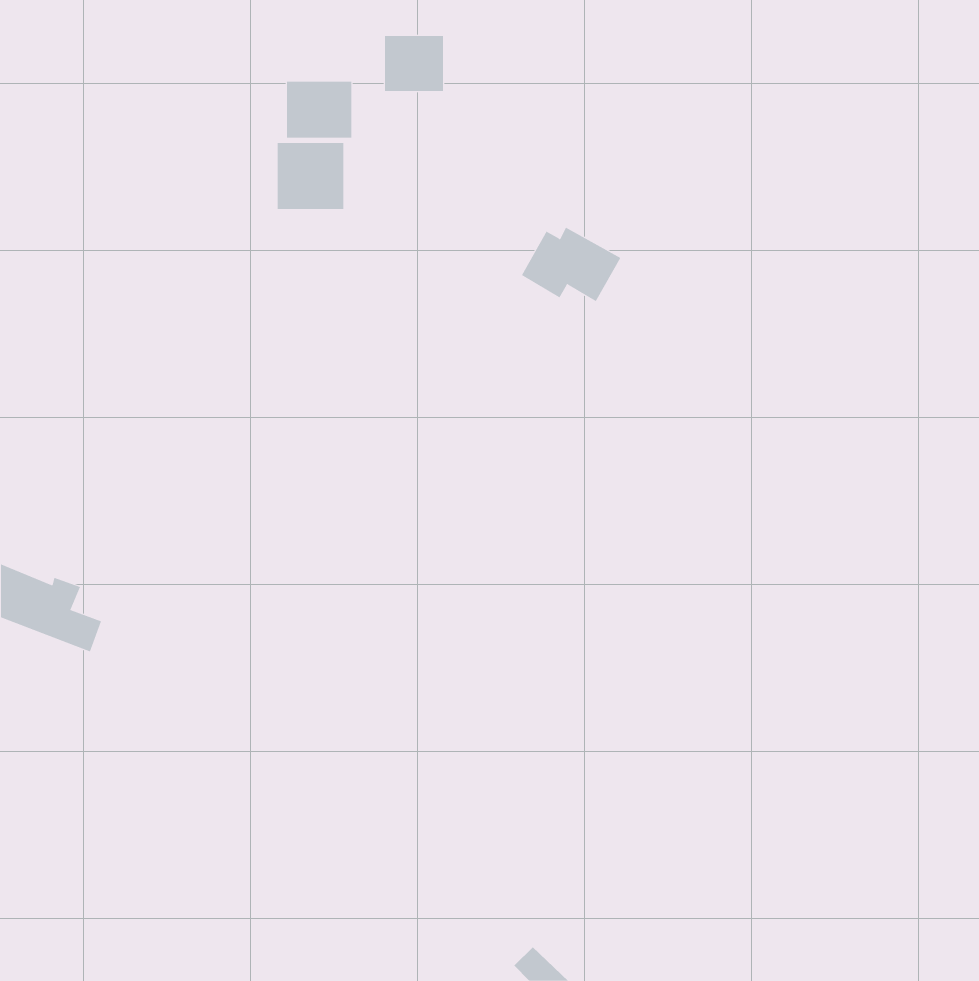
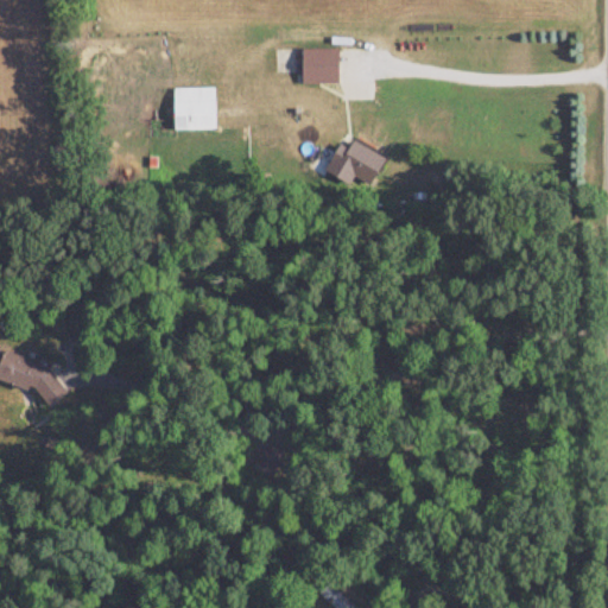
building: [384,36,444,91] -> [302,49,338,83]
building: [287,81,352,138] -> none

